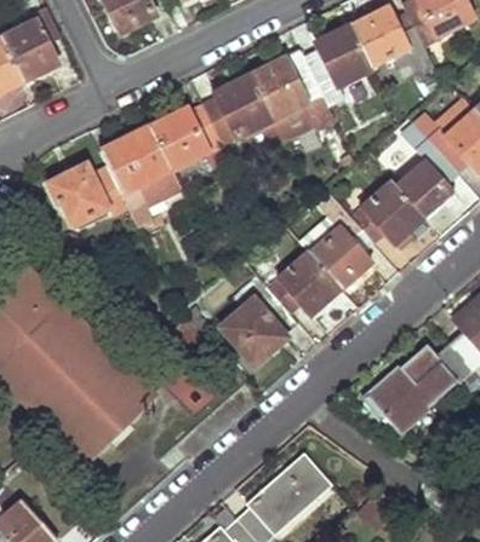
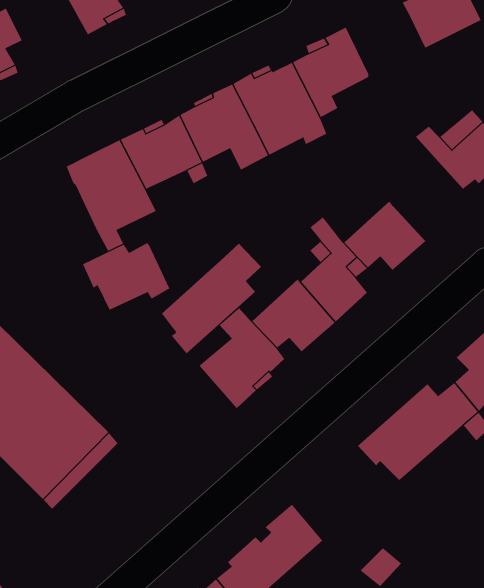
building: [353,6,438,80] -> none
building: [395,122,457,217] -> none
building: [50,163,128,224] -> [82,243,170,310]
building: none -> [161,243,262,354]

